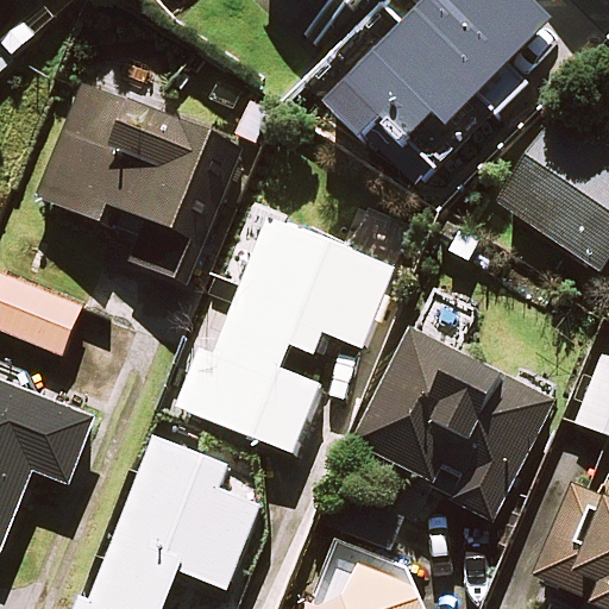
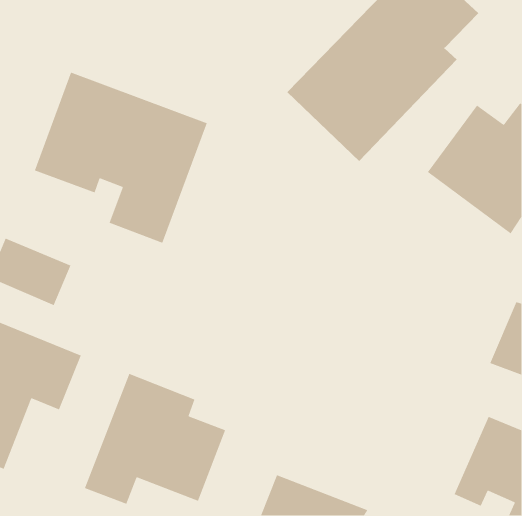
building: [177,213,397,446] -> none
building: [346,326,551,515] -> none

